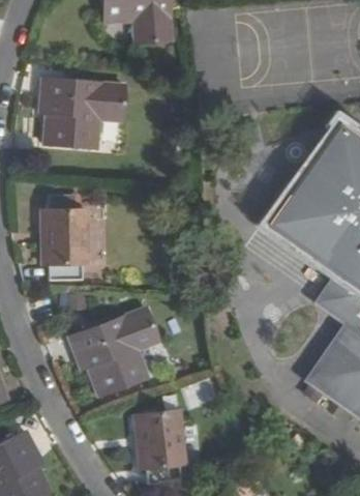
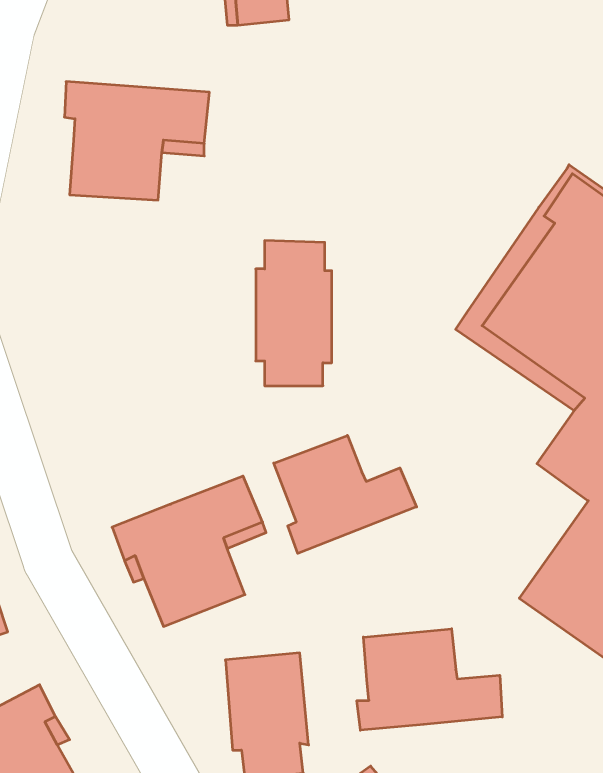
building: [41,194,86,279] -> [256,241,332,386]
building: none -> [274,435,417,553]
building: none -> [357,629,502,730]

